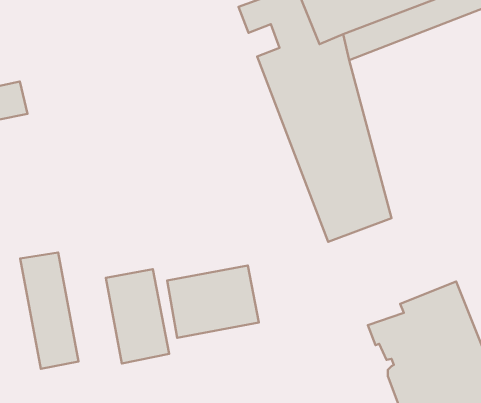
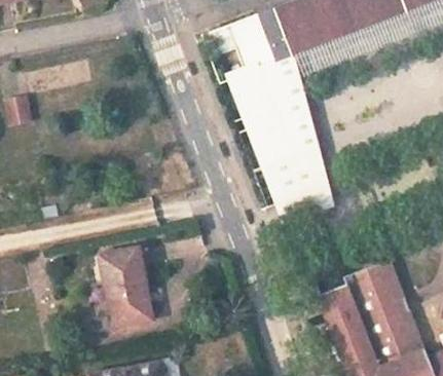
building: [20,253,79,369] -> none
building: [167,266,259,338] -> none

